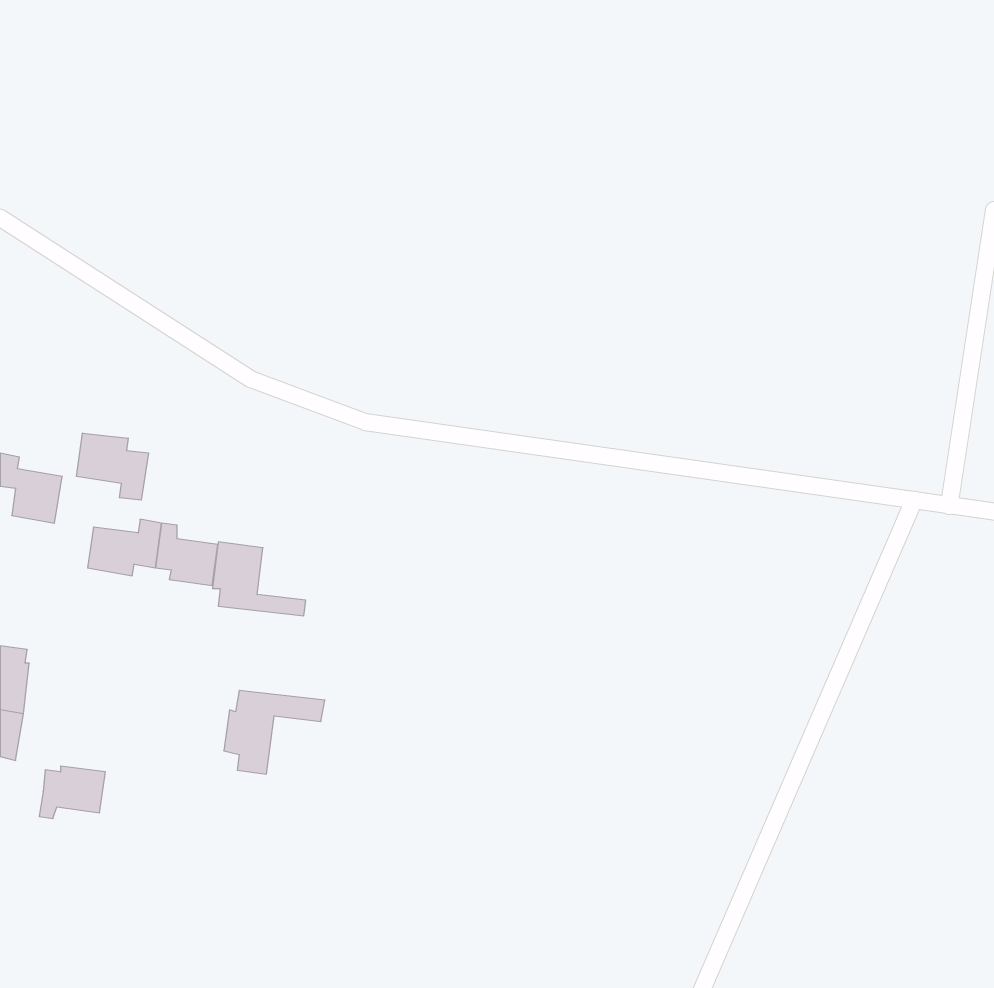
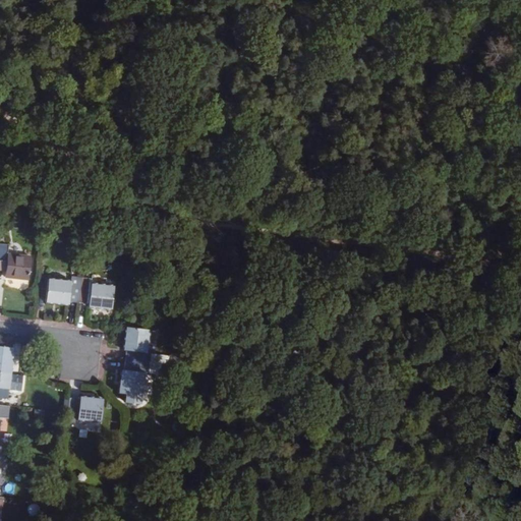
building: [76,433,148,500] -> none
building: [212,542,306,616] -> [122,331,171,369]
building: [39,766,105,819] -> [68,401,103,428]

